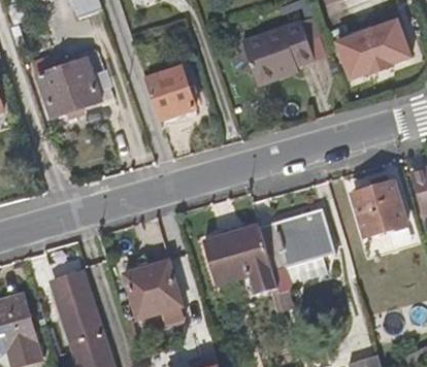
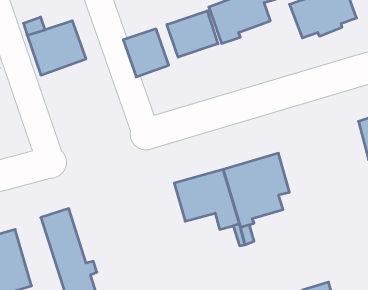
building: none -> [167,11,218,57]
building: [350,179,407,237] -> none
building: [123,260,183,323] -> none

